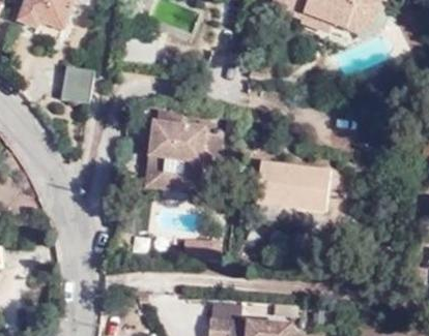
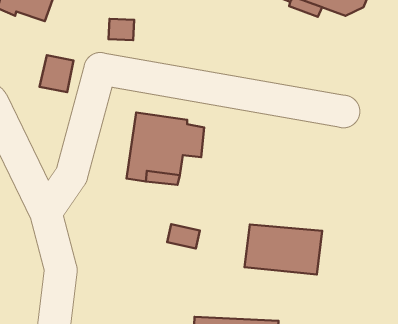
building: [252,159,327,208] -> [245,225,322,275]

